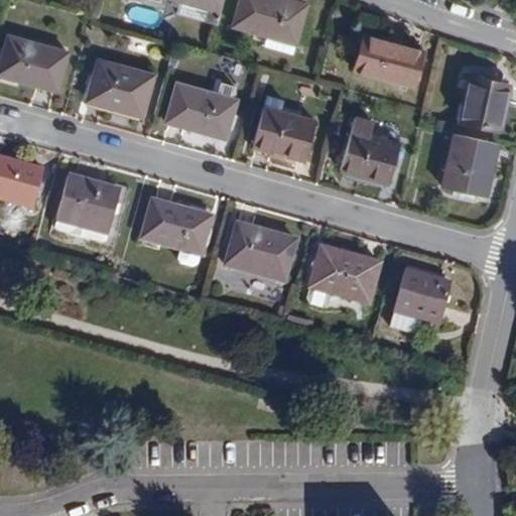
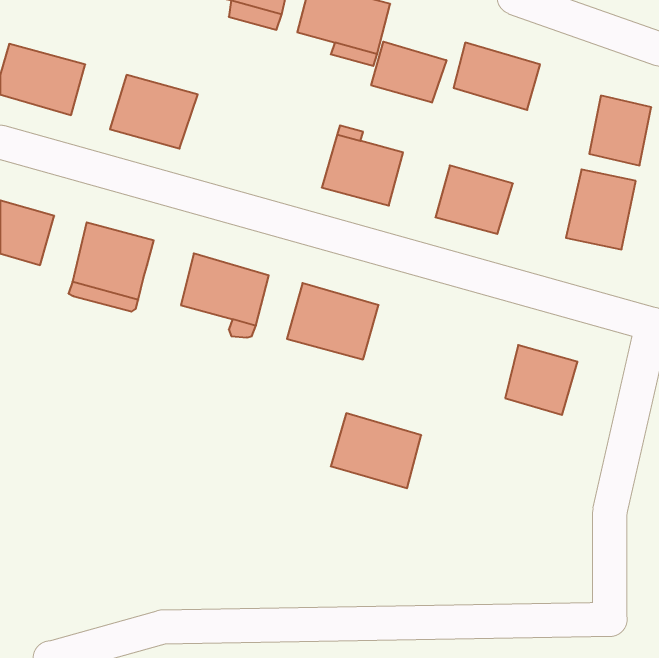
building: none -> [371,42,446,103]
building: [167,82,236,137] -> none
building: [309,245,380,303] -> [331,413,421,488]

